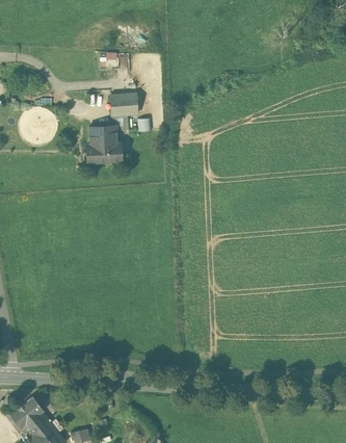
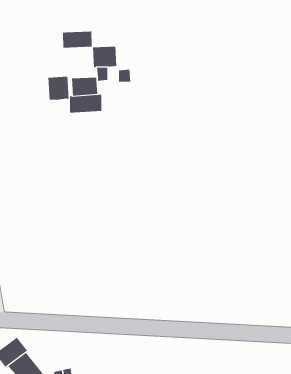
building: none -> [62,30,92,49]
building: none -> [48,76,69,100]

